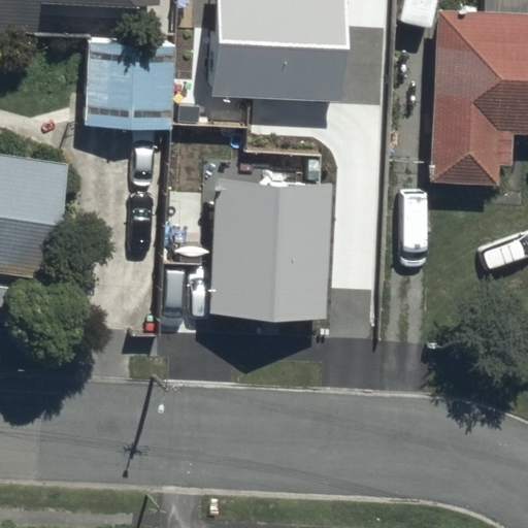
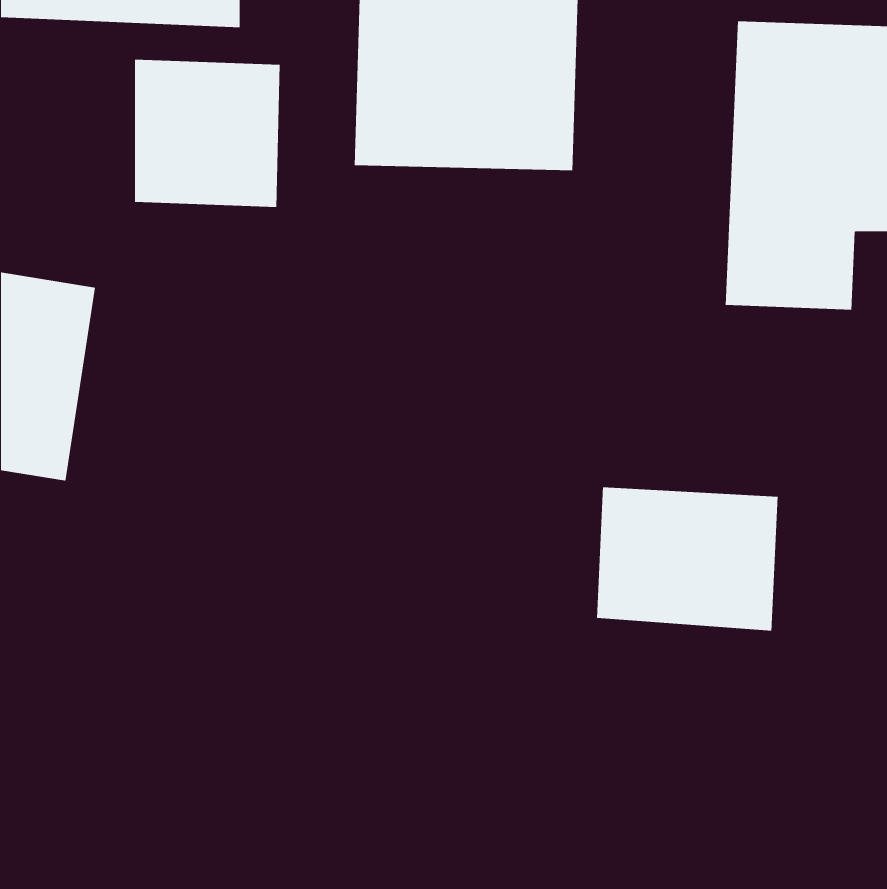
building: [213,180,334,317] -> none
building: none -> [597,486,778,632]

